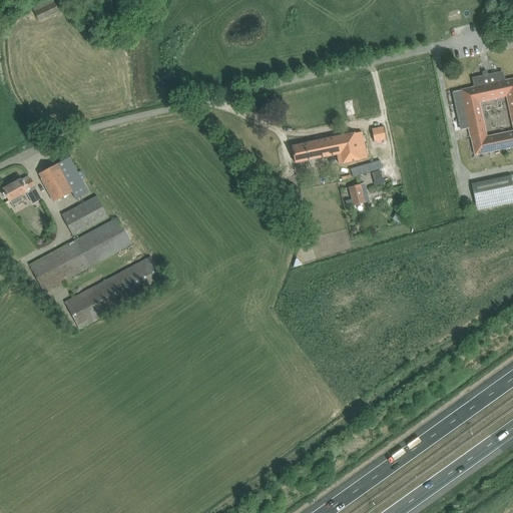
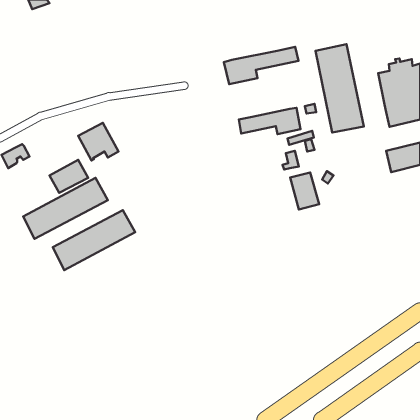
building: none -> [316,44,364,132]
building: none -> [224,47,299,84]
building: [38,156,87,202] -> [78,123,119,161]
building: none -> [290,173,319,210]

